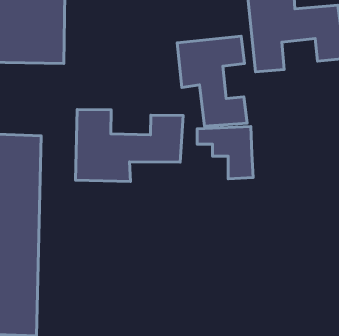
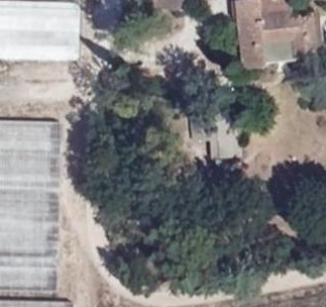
building: [177,36,247,126] -> none
building: [76,110,183,182] -> none

